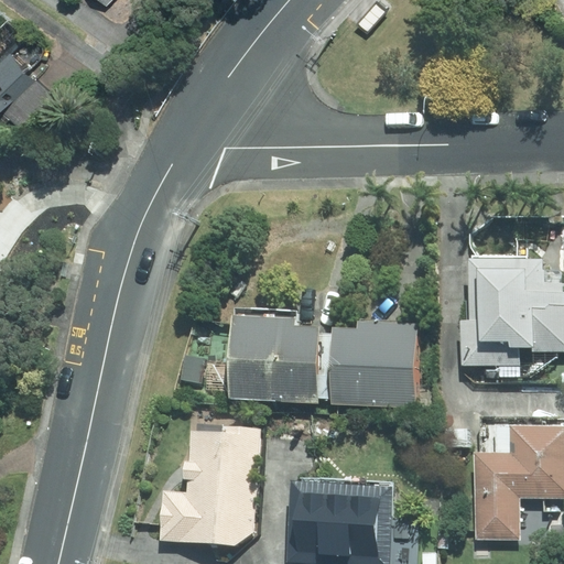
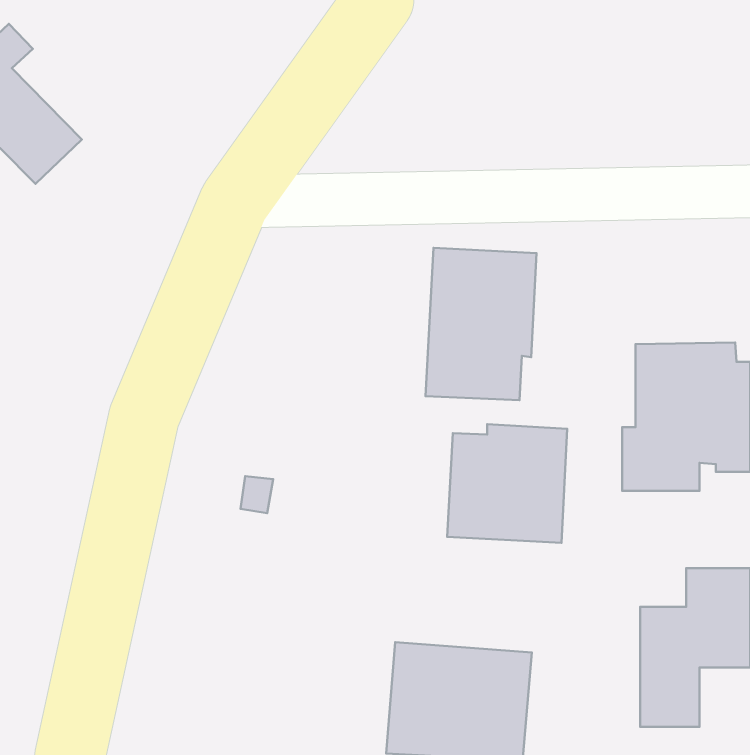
building: none -> [426,248,536,400]
building: [231,312,324,401] -> none
building: [156,427,258,547] -> none

